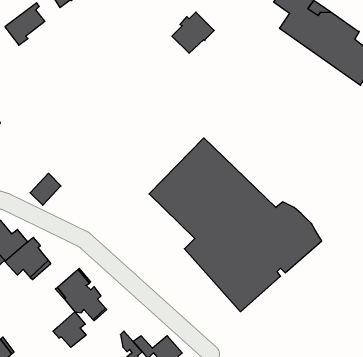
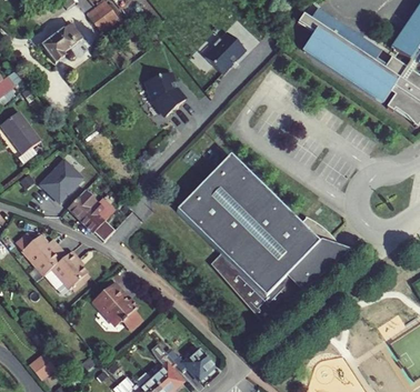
building: none -> [144,72,183,113]
building: none -> [41,170,93,208]
building: none -> [78,199,110,232]
building: [53,312,86,347] -> none

